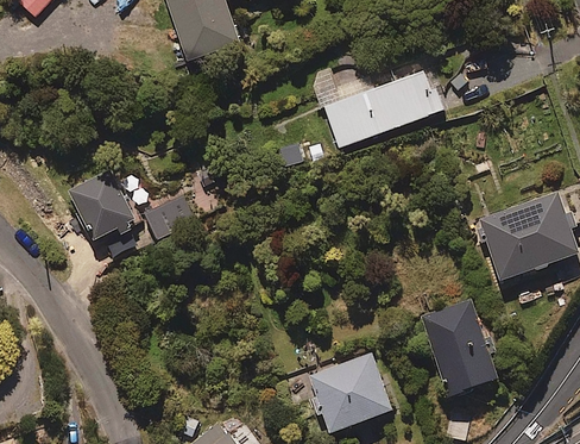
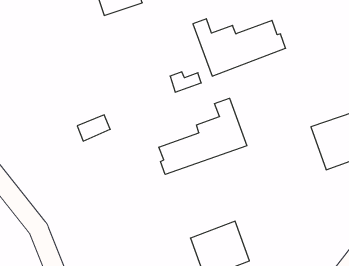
building: [68,169,134,240] -> none
building: none -> [159,98,247,174]
building: [421,299,500,399] -> none

